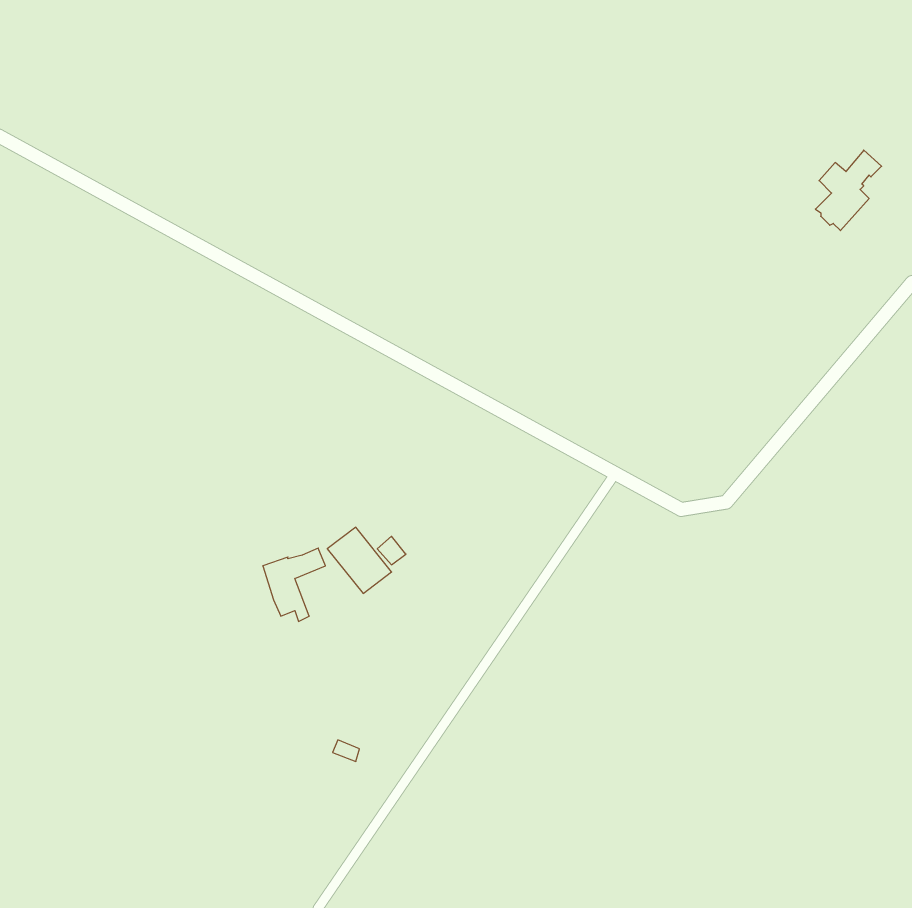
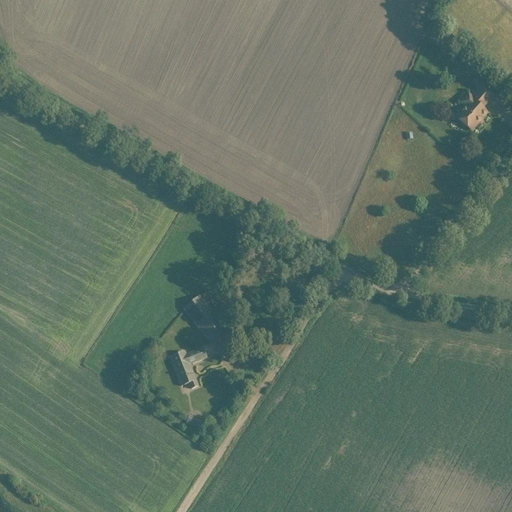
building: [263,548,325,621] -> [170,346,205,387]

